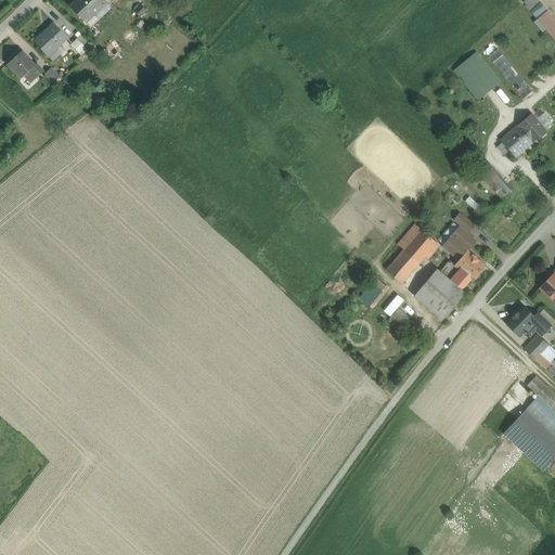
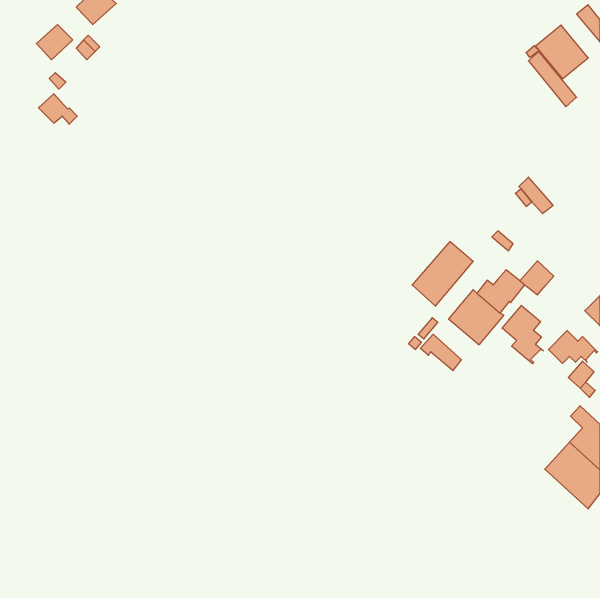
building: [8,50,43,78] -> [39,94,77,124]
building: [452,51,501,101] -> [535,25,588,79]
building: [501,113,546,156] -> none
building: [443,227,475,258] -> [520,261,554,295]
building: none -> [502,305,543,364]

